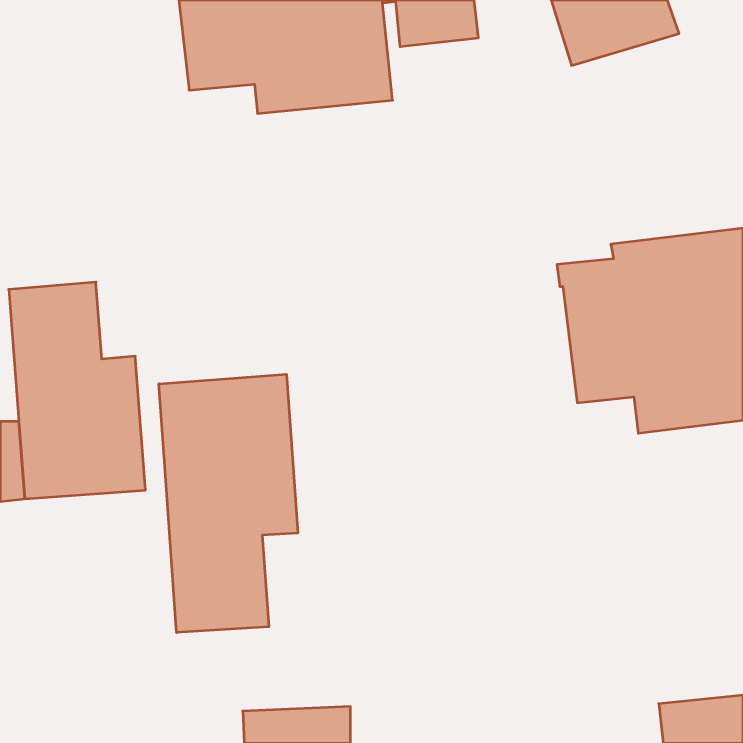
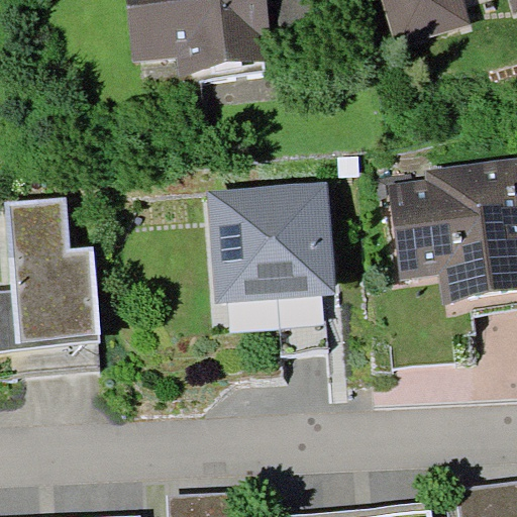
building: none -> [208,181,334,303]
building: [159,374,298,633] -> none

